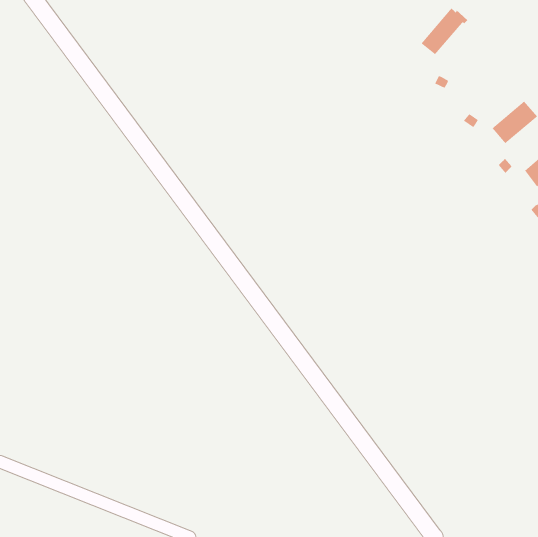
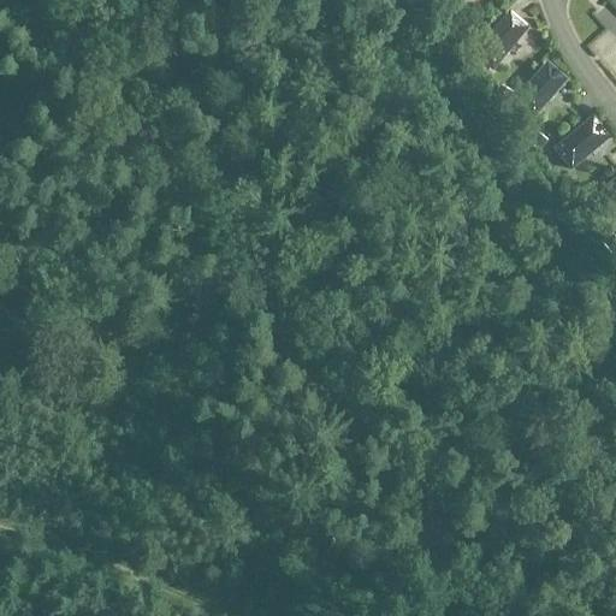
building: none -> [521,60,571,112]

